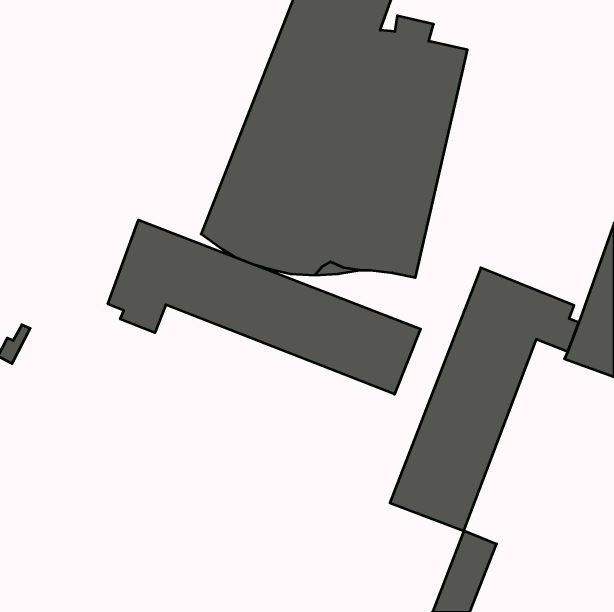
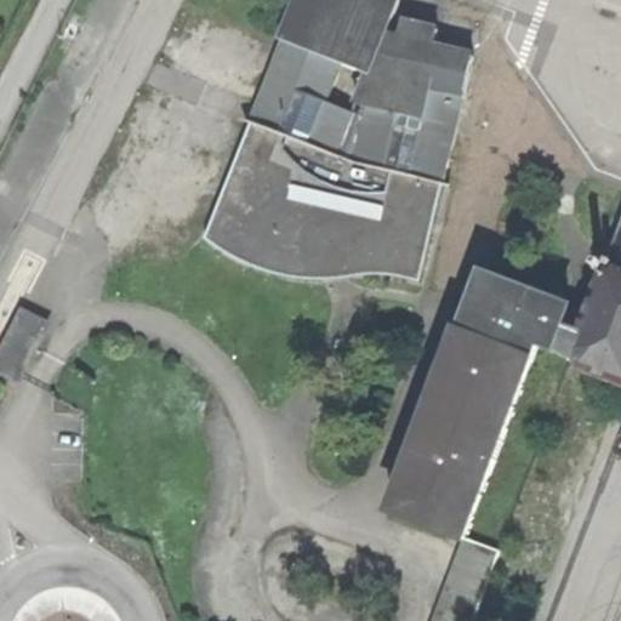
building: [108,220,421,394] -> none

